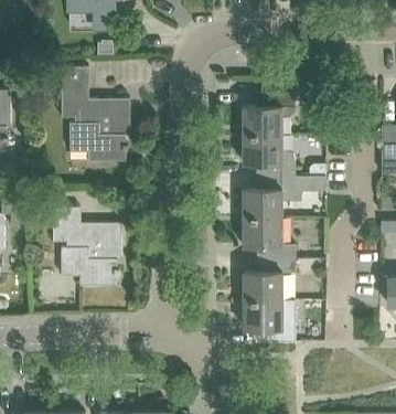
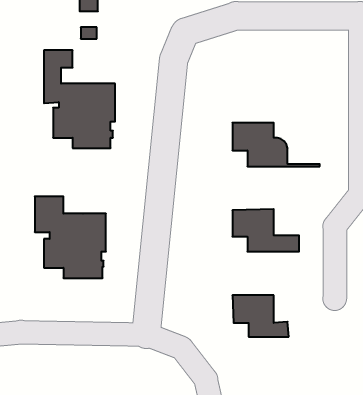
building: [242,93,295,136] -> none
building: [242,178,325,220] -> none
building: [242,259,295,301] -> none

